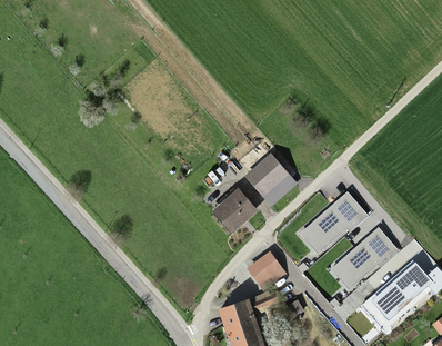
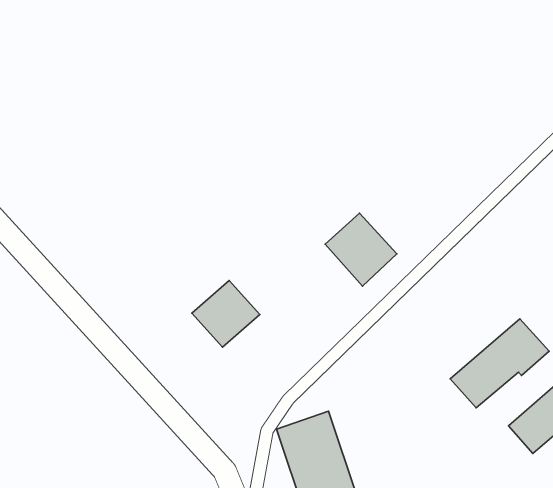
building: [213,189,260,235] -> [192,281,260,347]
building: [301,191,369,255] -> none
building: [251,253,285,287] -> none

